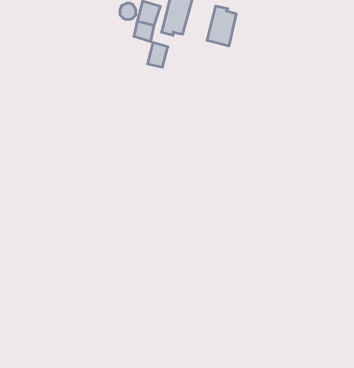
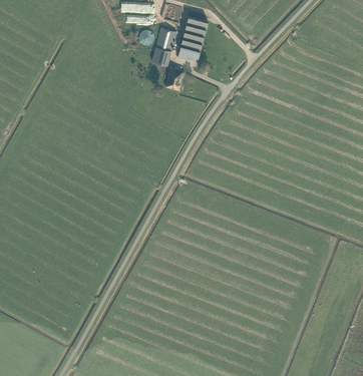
building: [207,6,236,46] -> none

